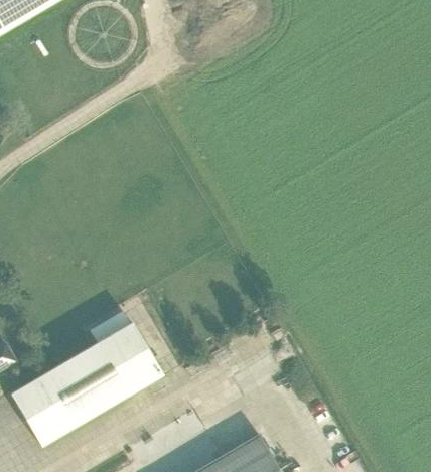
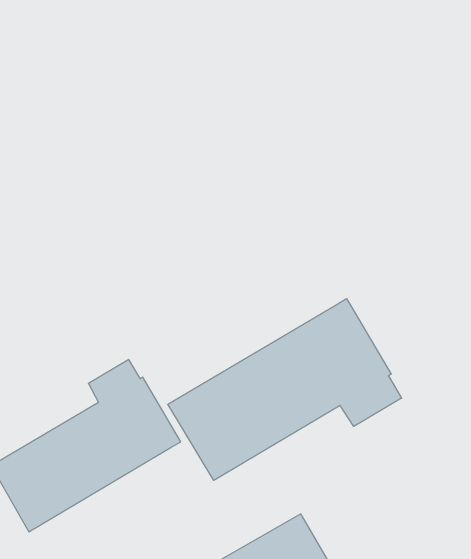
building: none -> [168,299,402,480]

